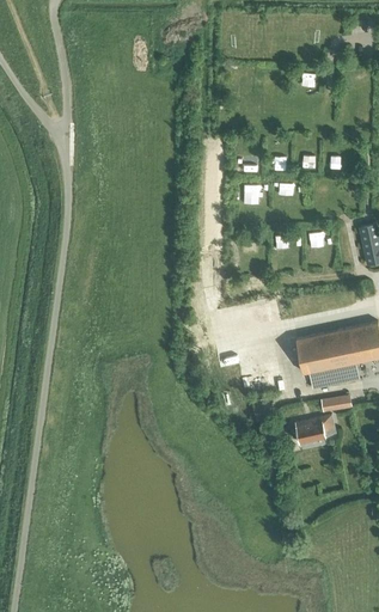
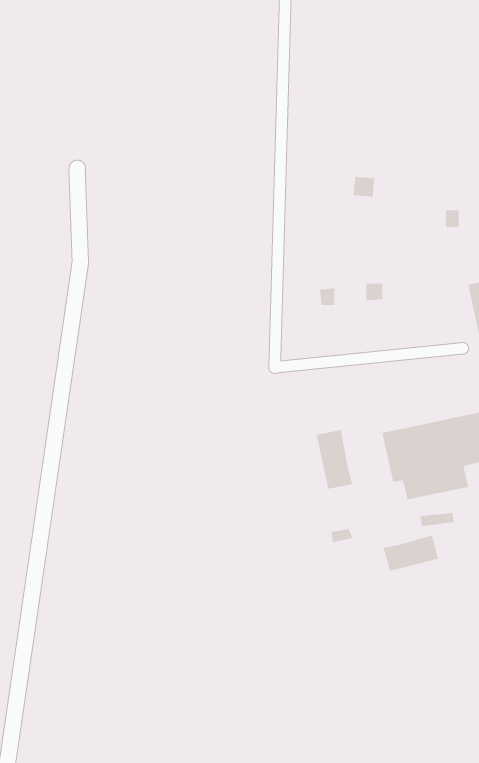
building: none -> [316,429,353,490]

